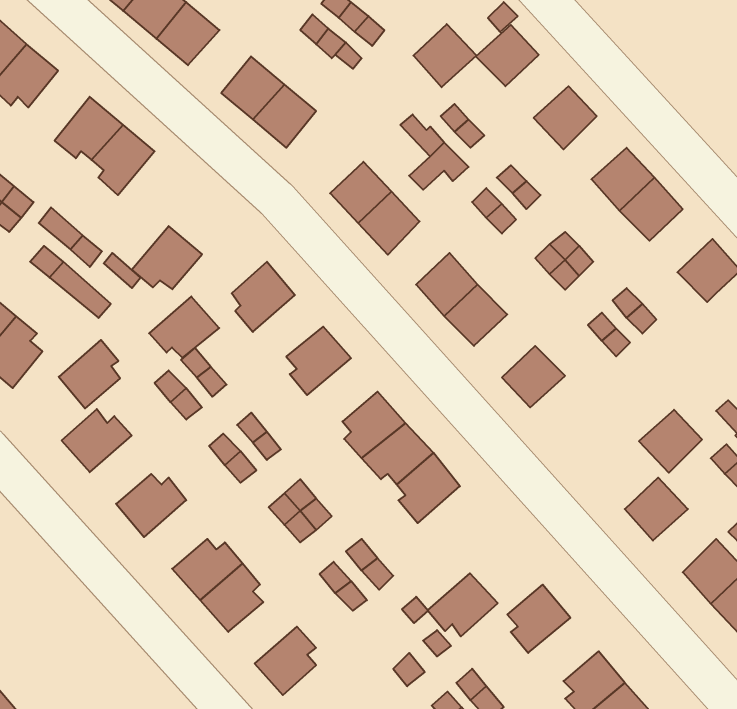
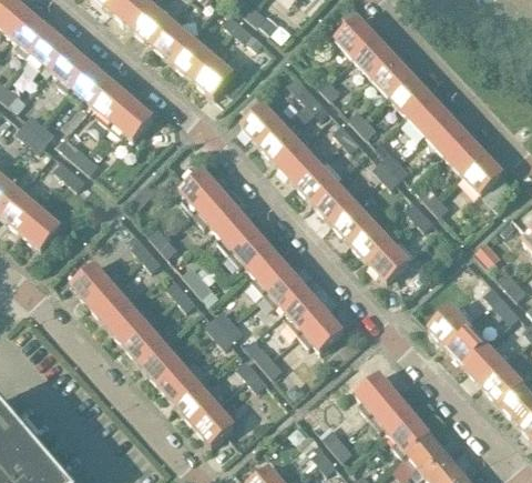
building: [413,24,477,87] -> [352,37,392,77]
building: none -> [152,21,192,61]
building: none -> [51,47,90,91]
building: none -> [389,76,429,115]
building: none -> [443,134,483,174]
building: none -> [278,142,317,182]
building: [132,226,202,289] -> [108,98,152,138]
building: [149,296,219,358] -> [193,189,237,228]
building: none -> [332,201,371,241]
building: [59,340,120,408] -> [90,278,129,321]
building: none -> [227,229,272,269]
building: none -> [368,240,408,280]
building: [639,410,702,473] -> [446,324,485,364]
building: none -> [124,319,164,362]
building: [428,573,498,636] -> [297,310,341,350]
building: none -> [177,383,221,422]
building: none -> [367,393,411,433]

